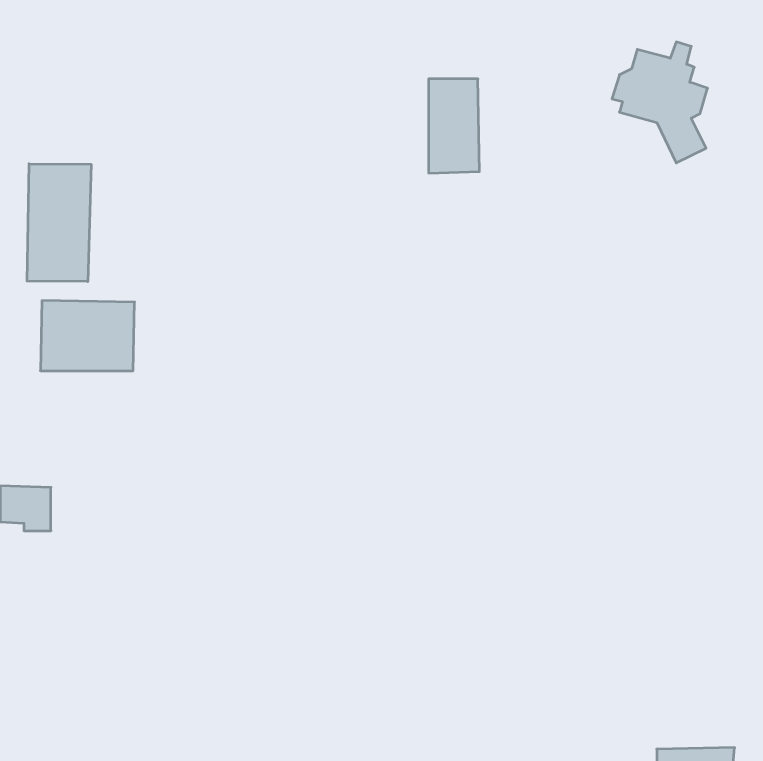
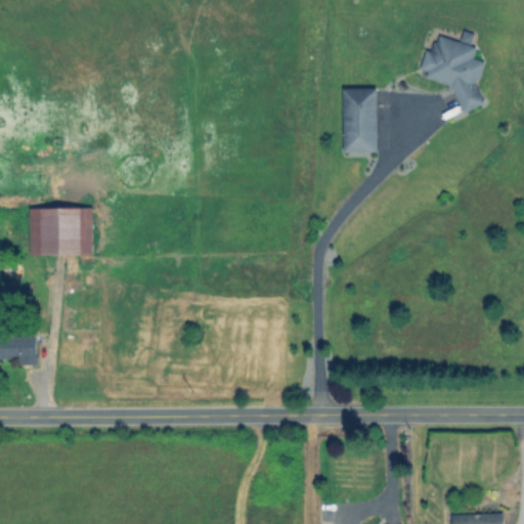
building: [429,79,479,173] -> [343,89,378,154]
building: [27,164,91,282] -> none

